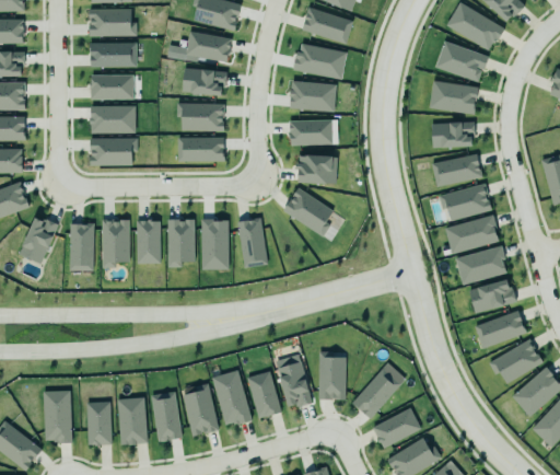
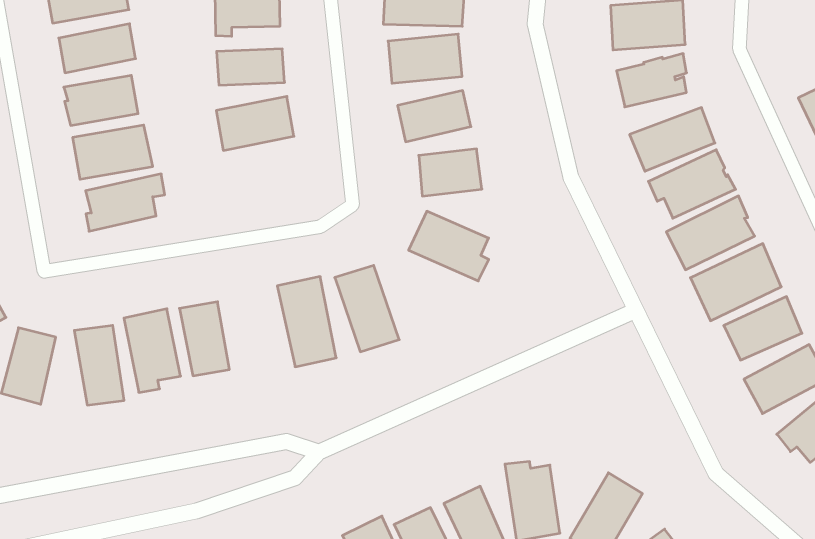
building: [179,136,226,160] -> none
building: [167,220,195,267] -> none

